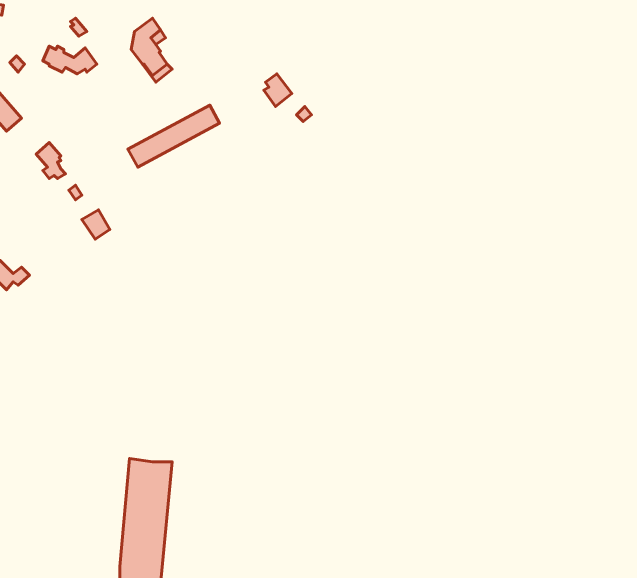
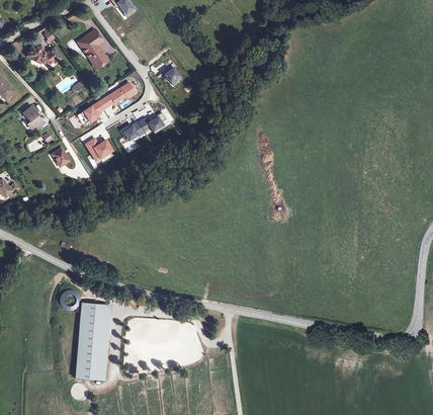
building: none -> [119,112,166,146]
building: none -> [85,138,115,165]

